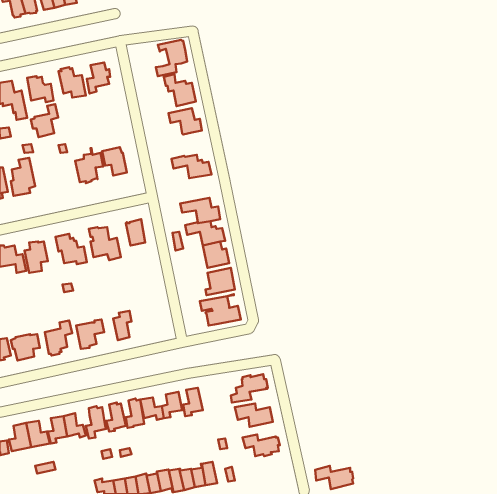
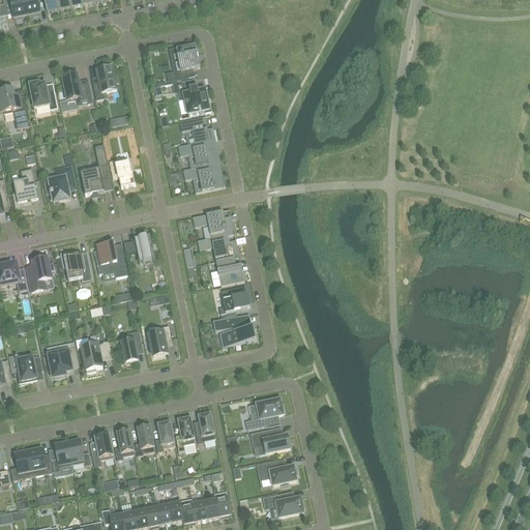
building: [31,104,58,137] -> [45,166,73,201]
building: none -> [177,141,219,167]
building: none -> [148,324,171,355]
building: [315,466,353,489] -> [263,493,303,518]

